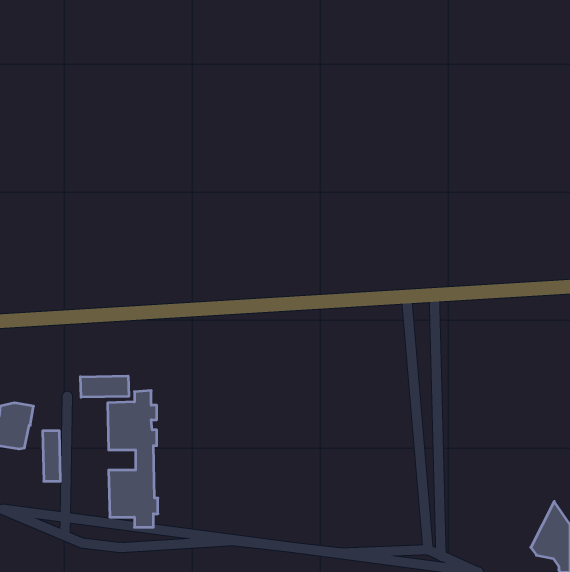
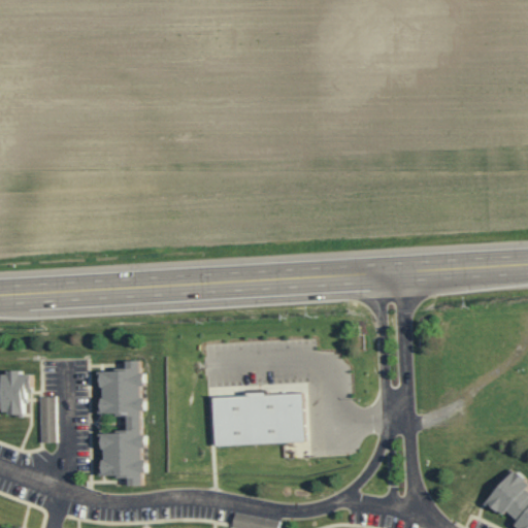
building: [80,376,129,397] -> none
building: none -> [211,392,303,446]

